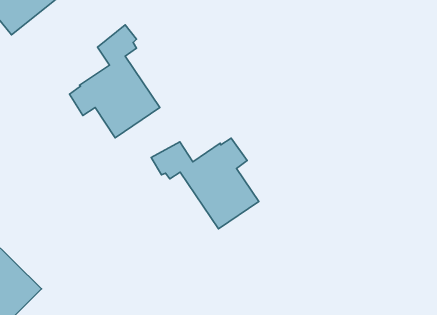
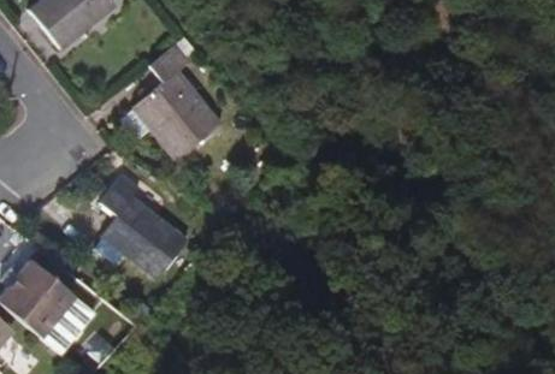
building: [151,138,259,229] -> none
building: none -> [93,168,184,274]

